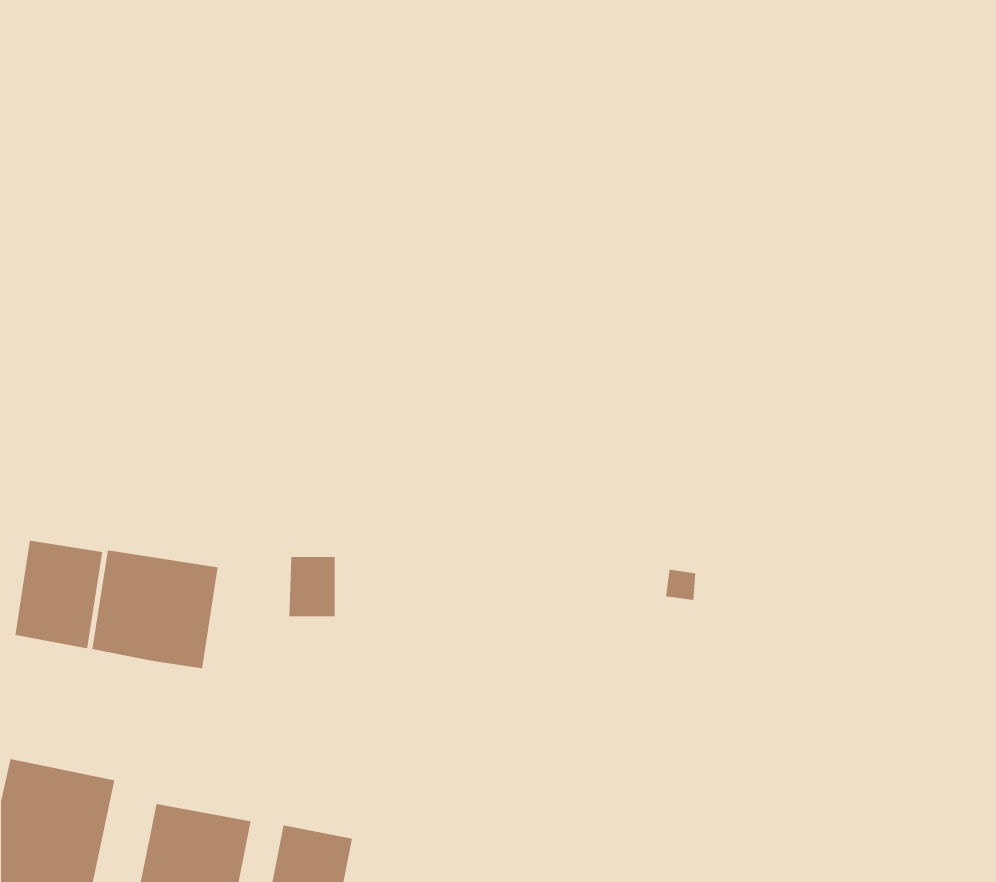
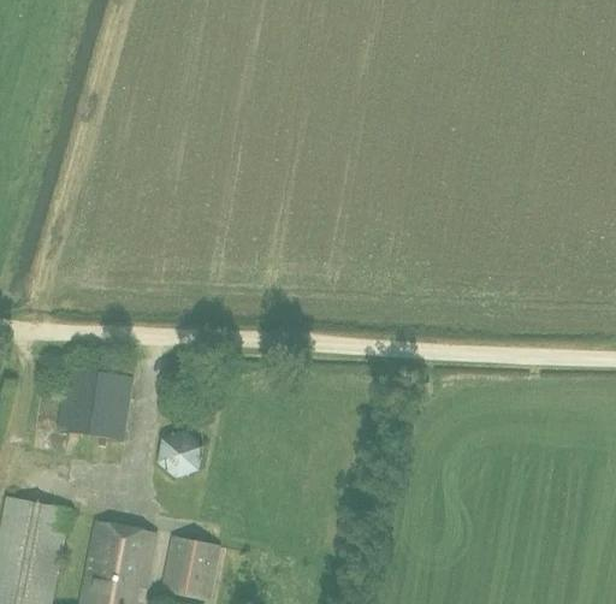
building: [15,540,103,649] -> none
building: [289,556,335,617] -> [159,438,188,475]

